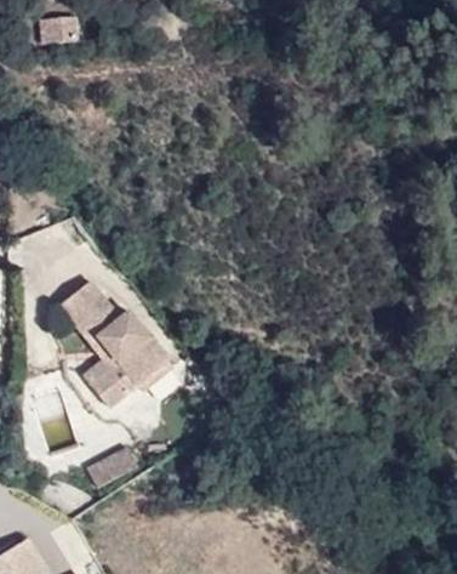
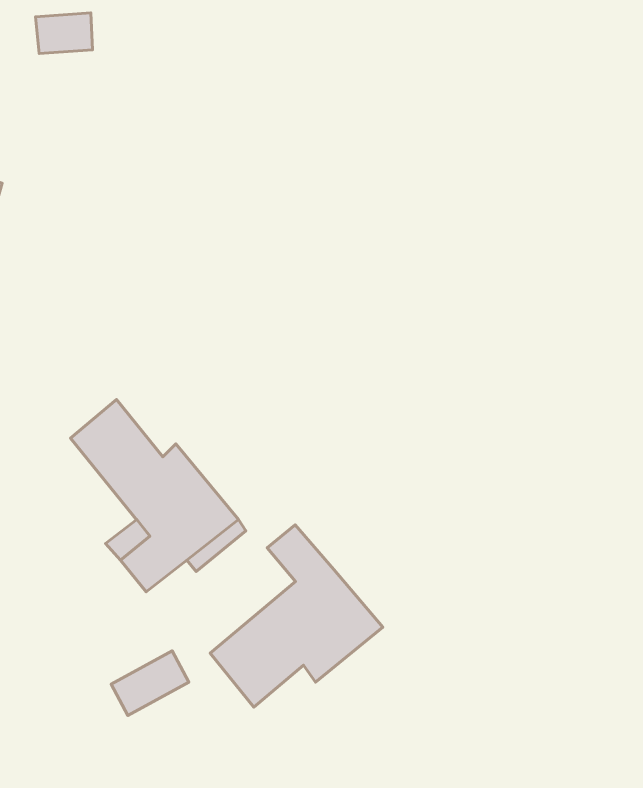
building: none -> [210,525,383,707]

